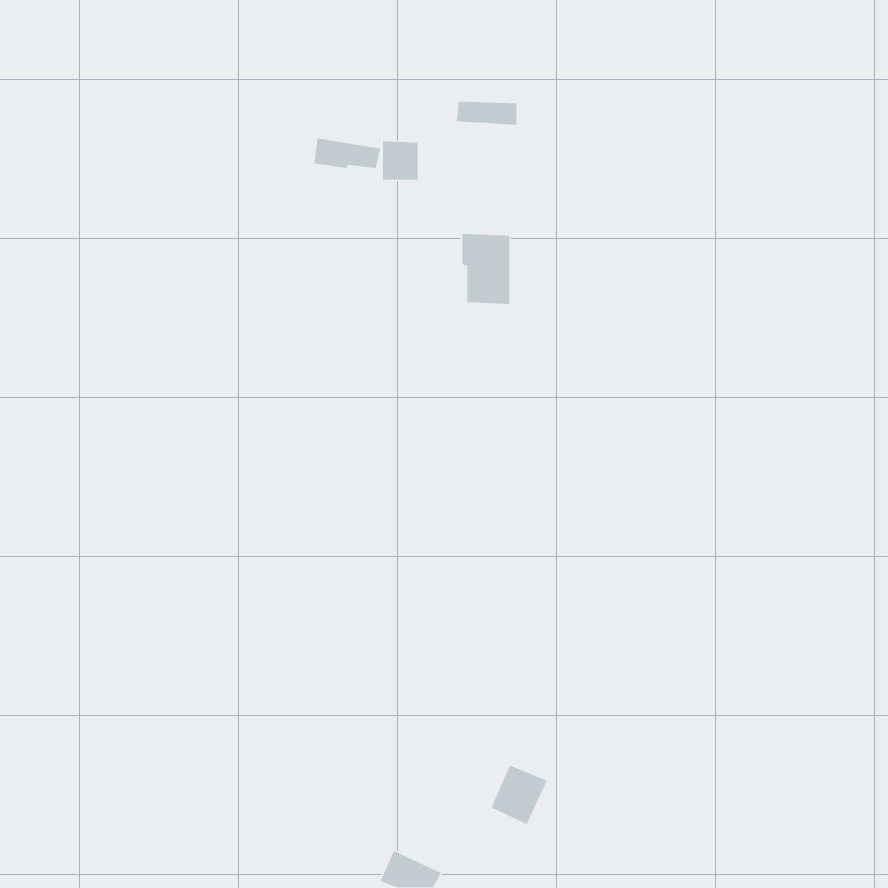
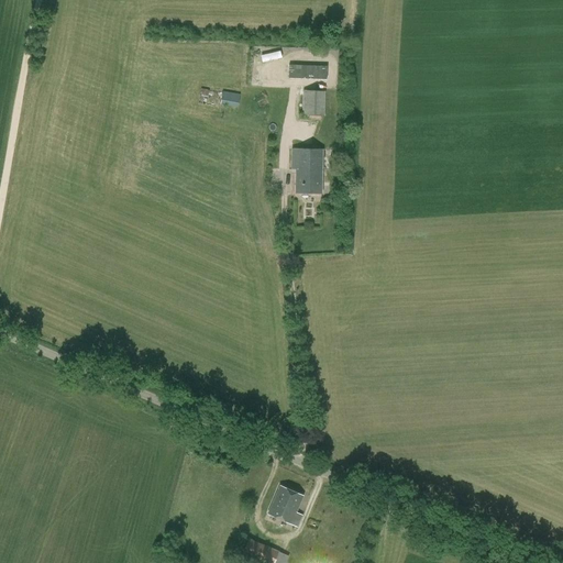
building: [382,141,419,181] -> [303,89,327,114]
building: [491,764,548,825] -> [268,485,305,523]

